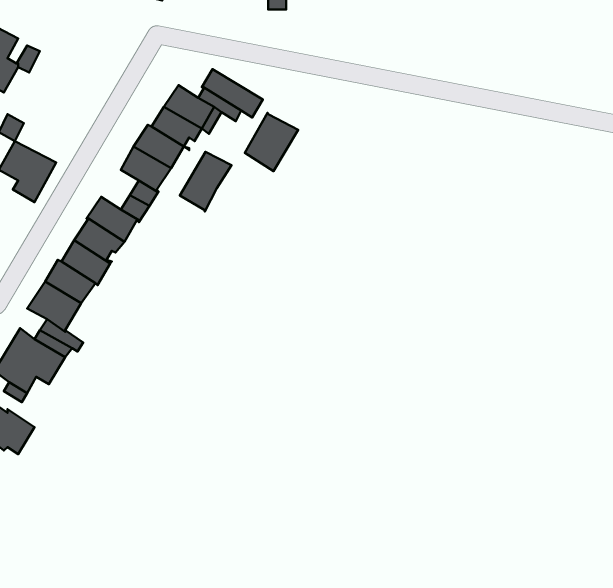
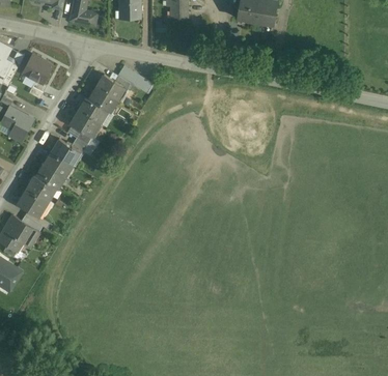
building: none -> [21,52,55,84]
building: [245,113,298,171] -> none
building: [180,152,231,211] -> none

